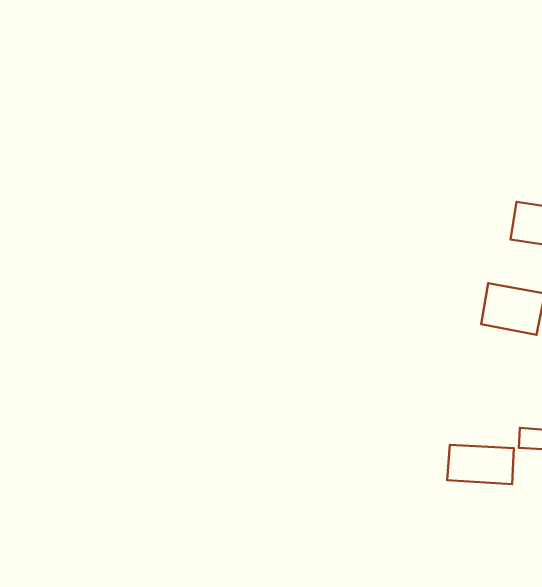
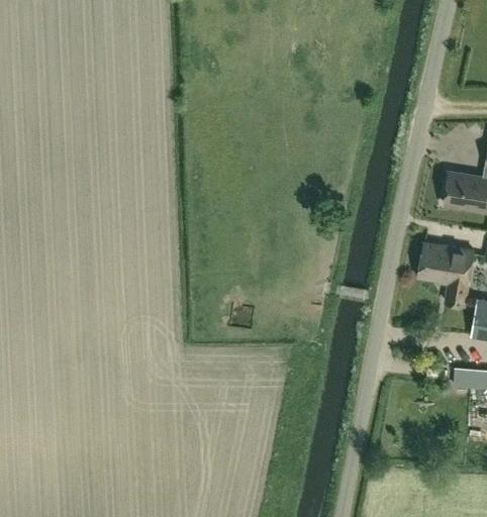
building: [447,445,514,484] -> none

